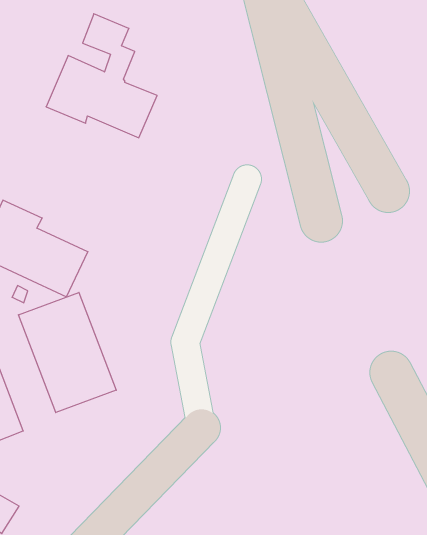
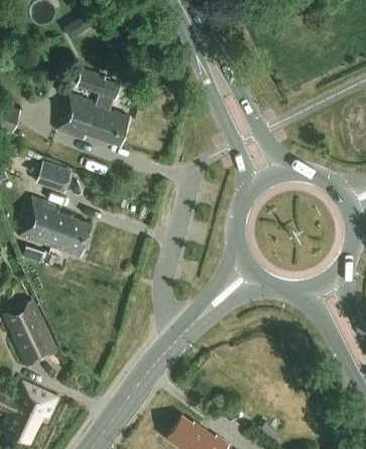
building: none -> [36,160,71,189]
building: [18,292,116,413] -> none

